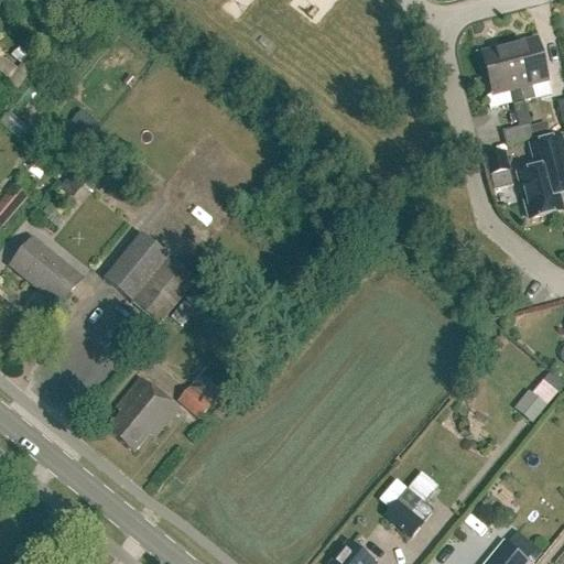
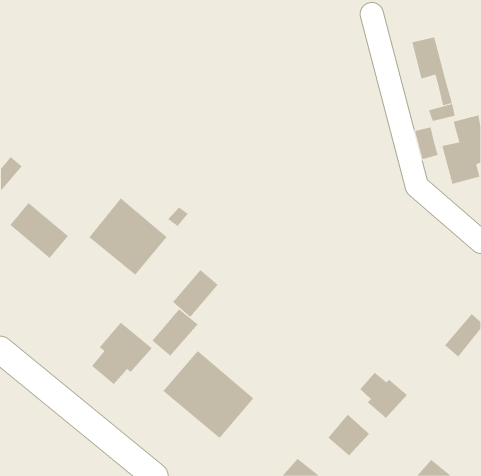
building: [509,35,547,98] -> none
building: none -> [172,269,219,318]
building: none -> [162,350,254,439]
building: none -> [360,372,408,419]

